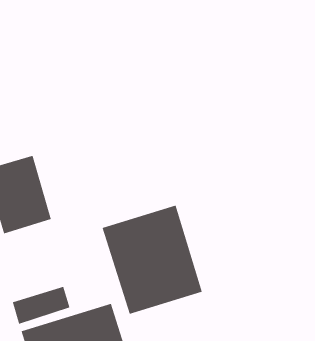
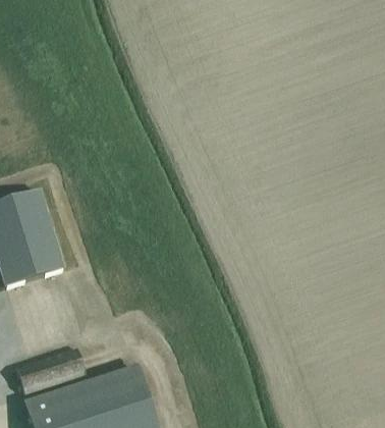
building: [102,204,203,315] -> none

